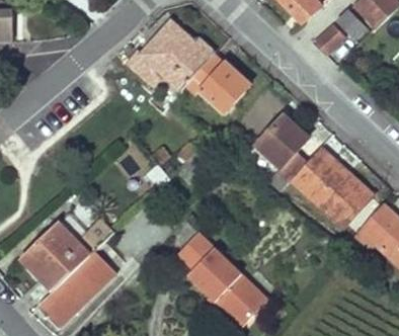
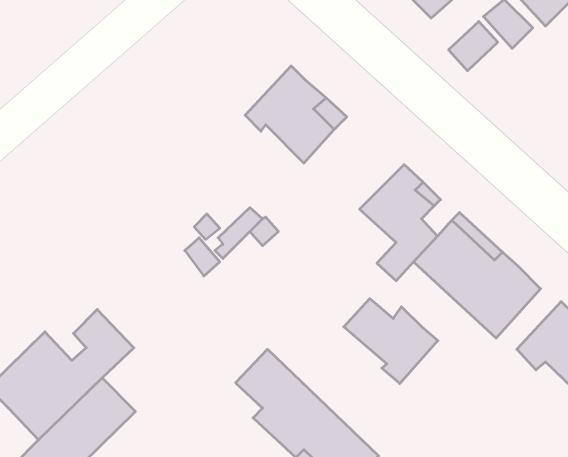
building: [125,21,214,89] -> none
building: none -> [344,299,438,384]

